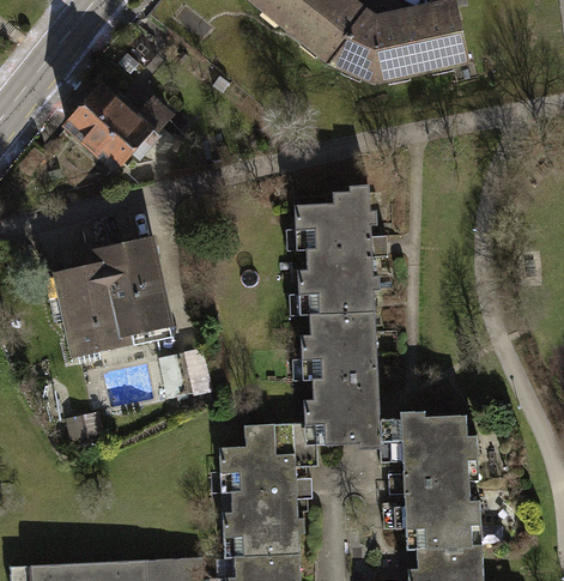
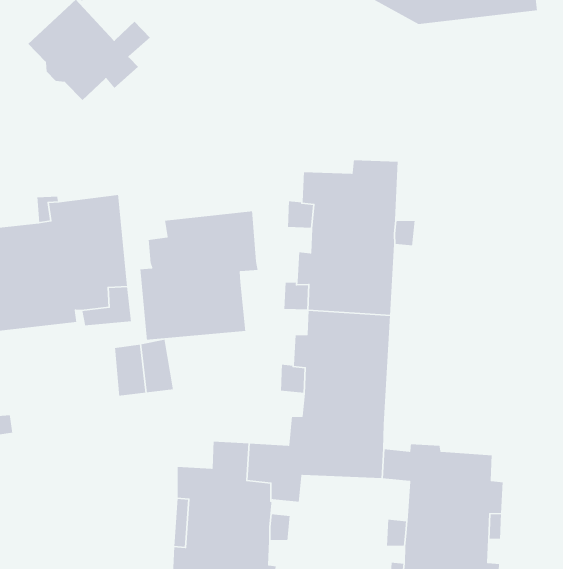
building: none -> [140,211,259,340]

